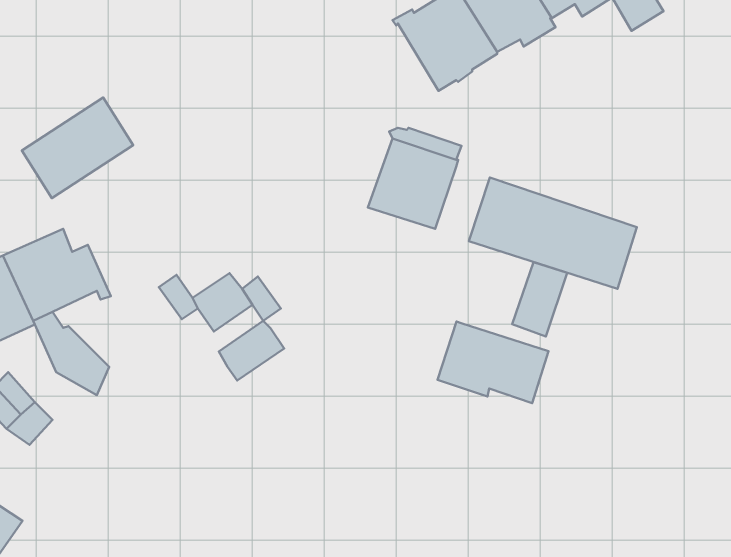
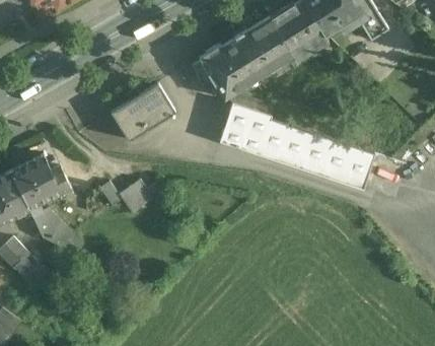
building: none -> [193,37,260,96]
building: [22,97,133,198] -> [113,82,176,140]
building: [512,262,567,337] -> [258,119,289,161]
building: [219,321,284,380] -> none
building: [438,321,549,403] -> none

